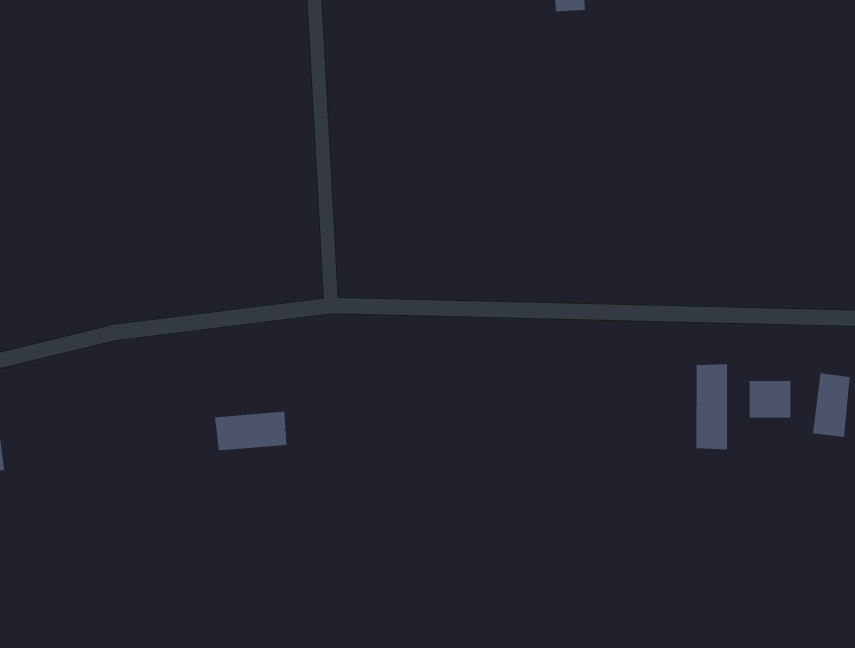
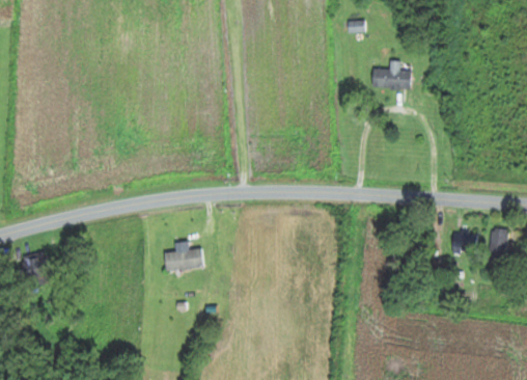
building: none -> [372,61,412,89]
building: [696,364,728,450] -> none

